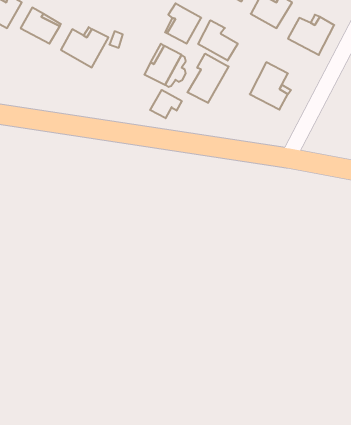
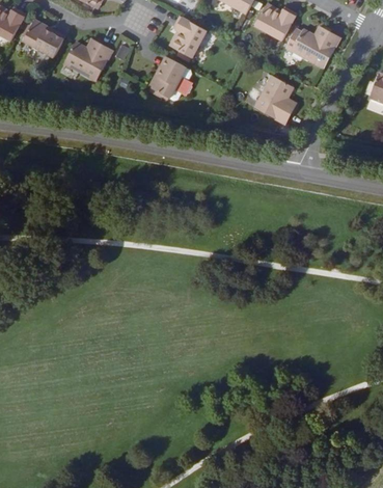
building: [198,20,238,61] -> none
building: [187,54,229,103] -> none
building: [150,90,182,118] -> none

